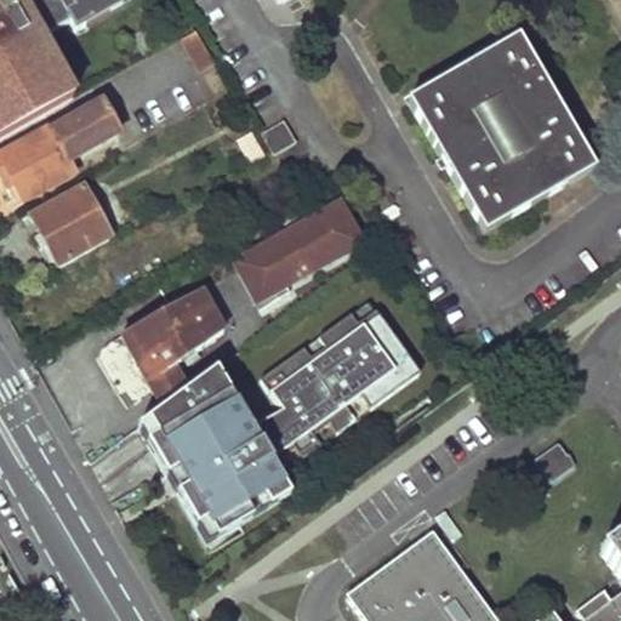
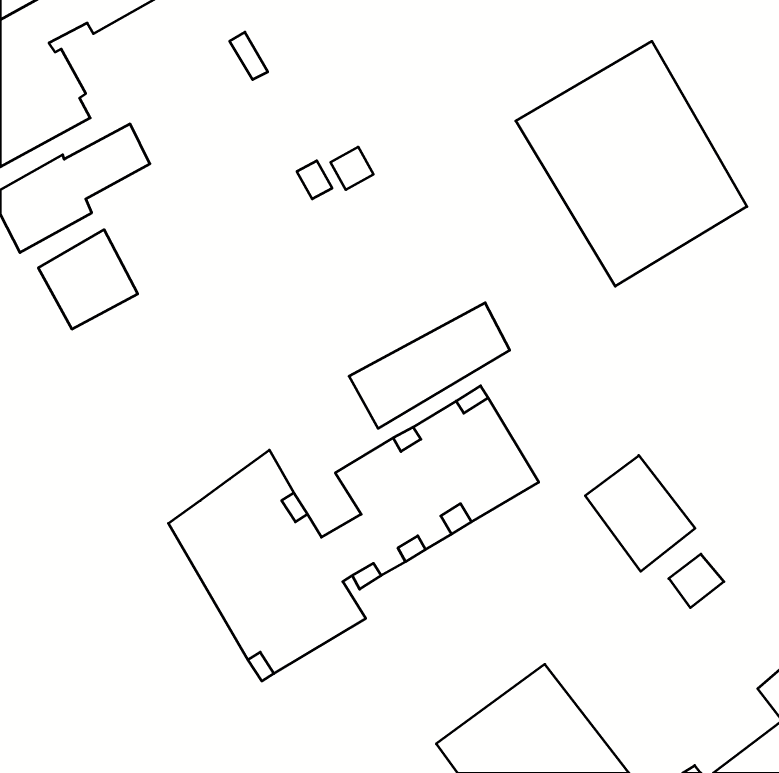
building: [234,200,361,300] -> [349,303,510,428]
building: [119,279,218,397] -> none
building: none -> [585,455,695,571]

